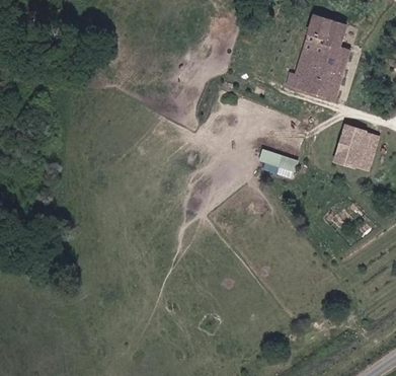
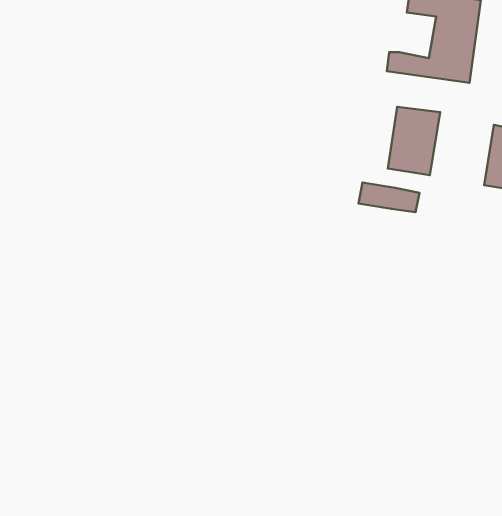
building: [295,51,320,80] -> none
building: none -> [388,107,440,175]

